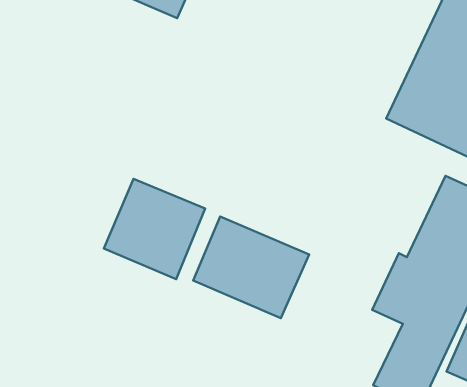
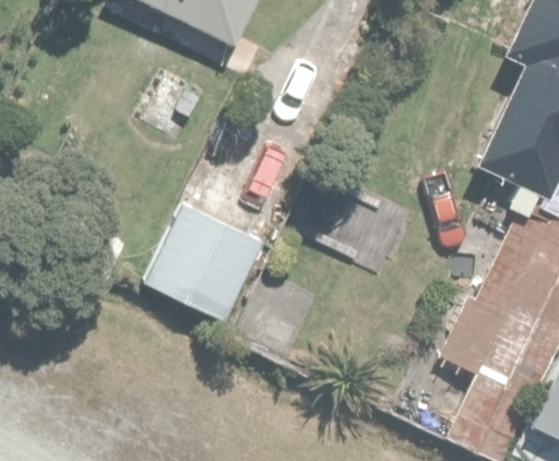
building: [193,217,309,318] -> none

